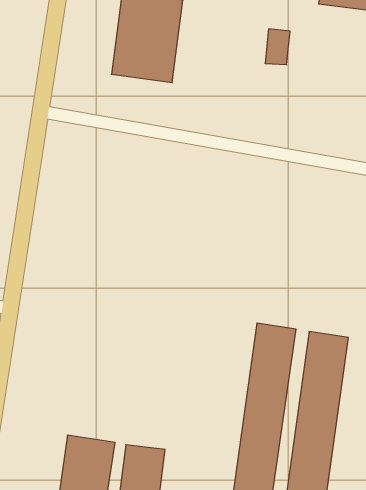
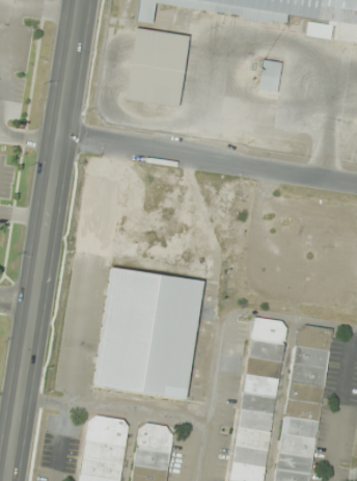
building: none -> [94,268,201,398]

